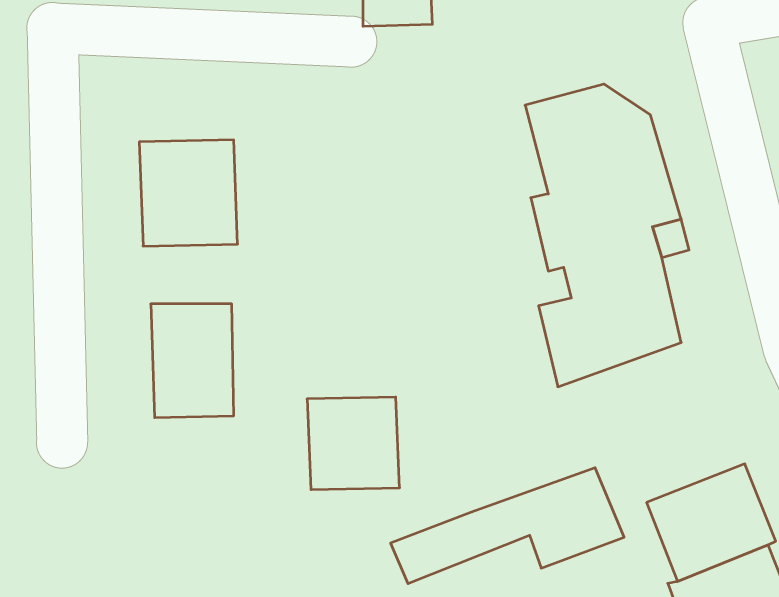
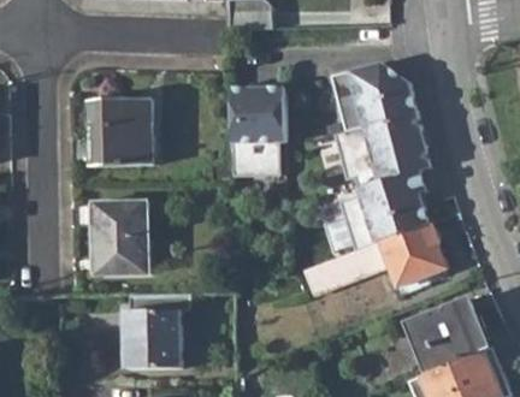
building: none -> [228,87,284,176]
building: [307,397,400,490] -> [125,310,183,368]
building: [391,468,624,584] -> [300,224,445,296]

